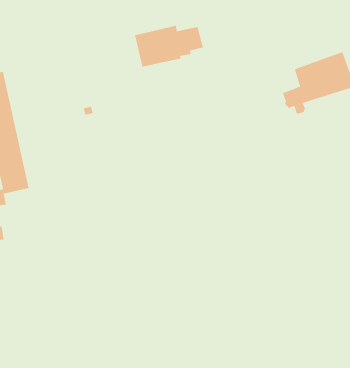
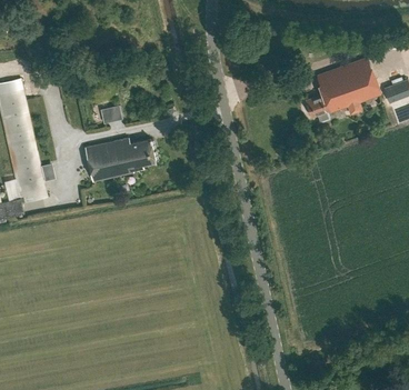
building: [134,25,204,67] -> [86,138,157,181]

